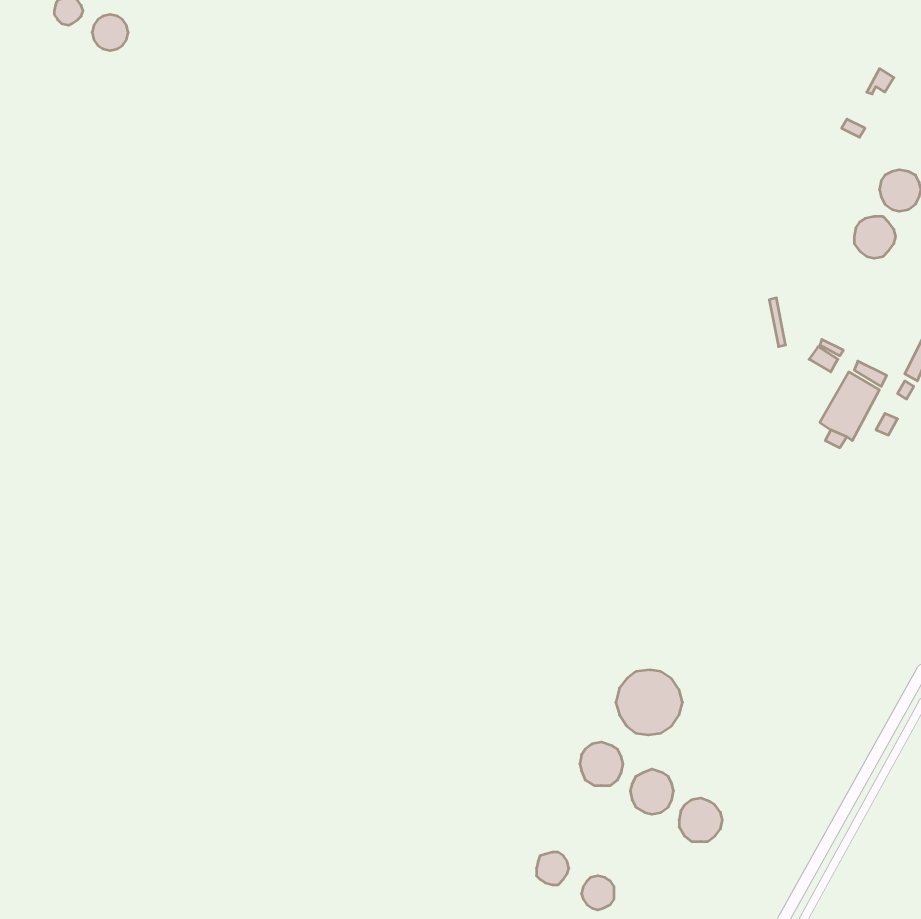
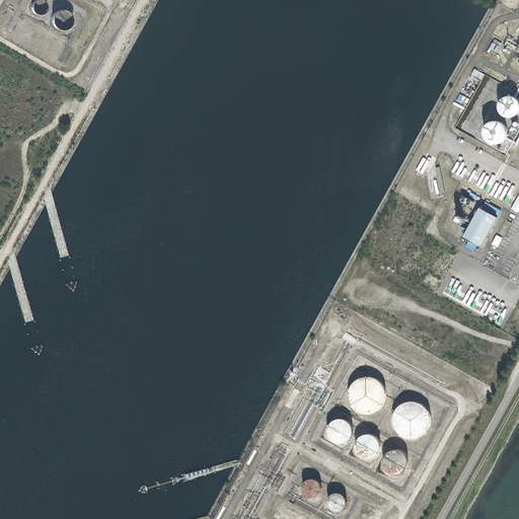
building: none -> [392,400,430,437]

